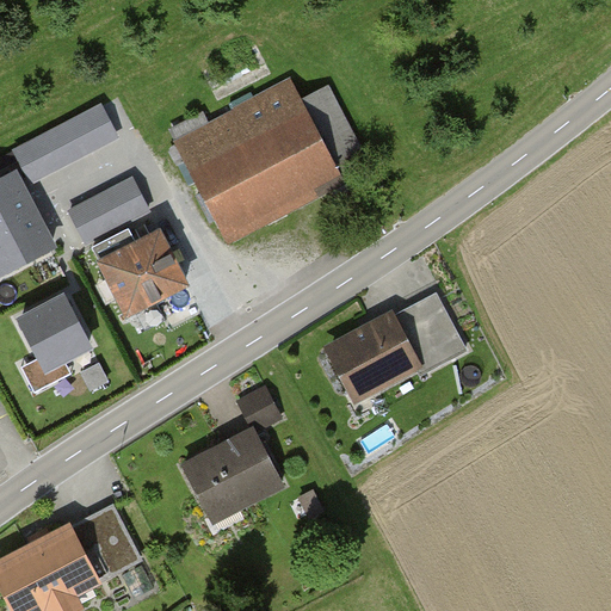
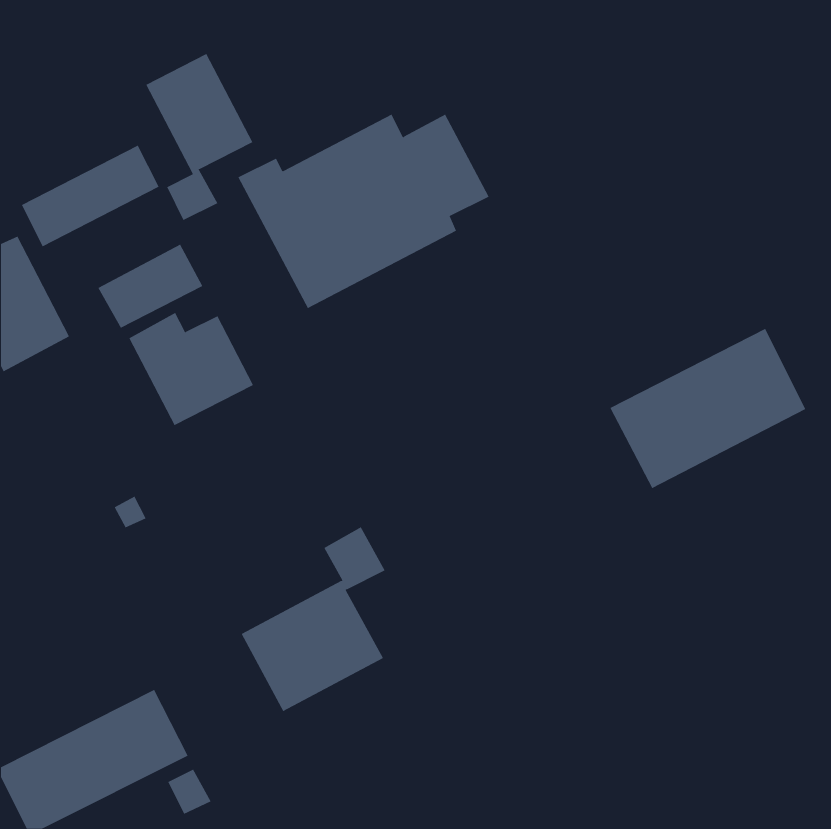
building: none -> [145,53,253,221]
building: [320,290,464,408] -> [609,328,806,489]
building: [21,297,90,366] -> none

